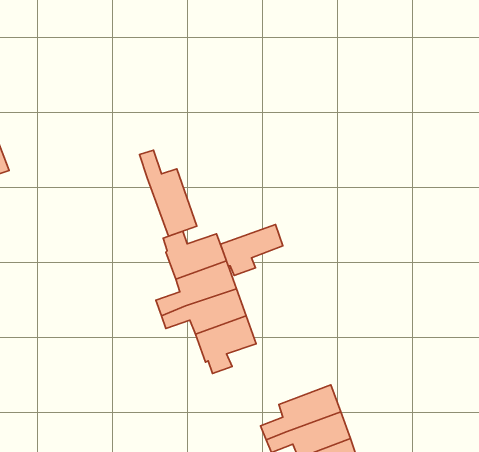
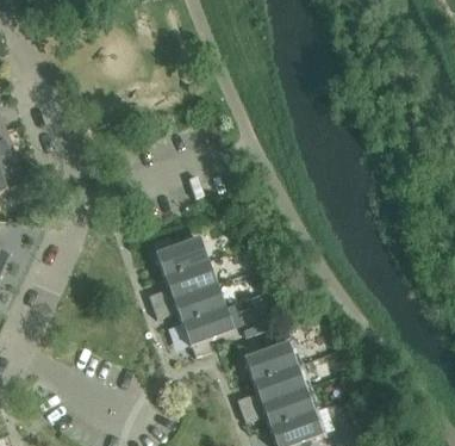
building: [139,150,197,236] -> none
building: [221,224,283,276] -> none
building: none -> [242,336,297,378]

